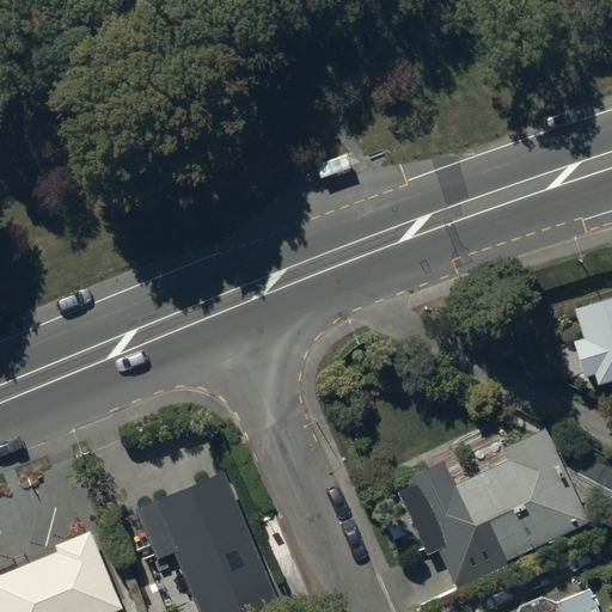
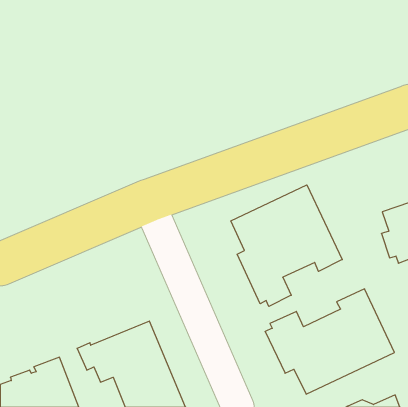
building: none -> [231,185,342,306]

